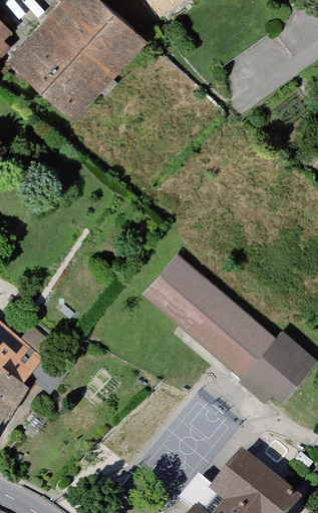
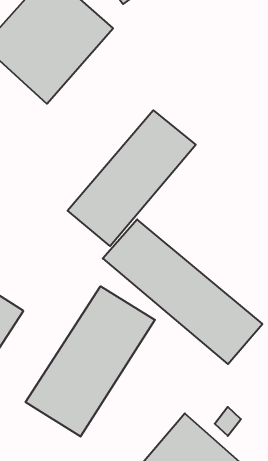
building: none -> [68,110,196,246]
building: none -> [26,286,155,437]

